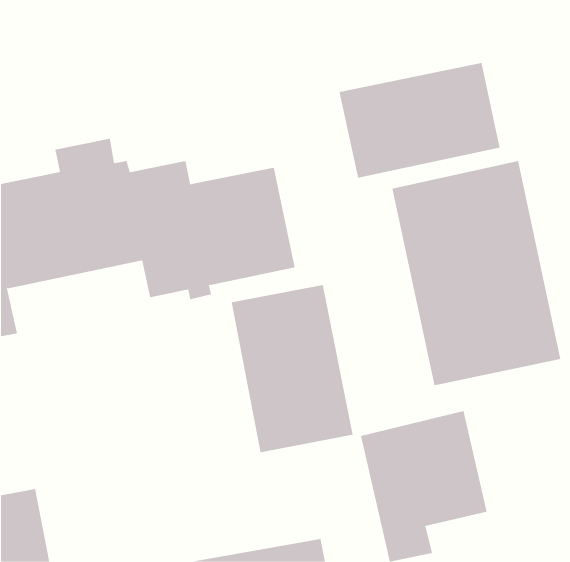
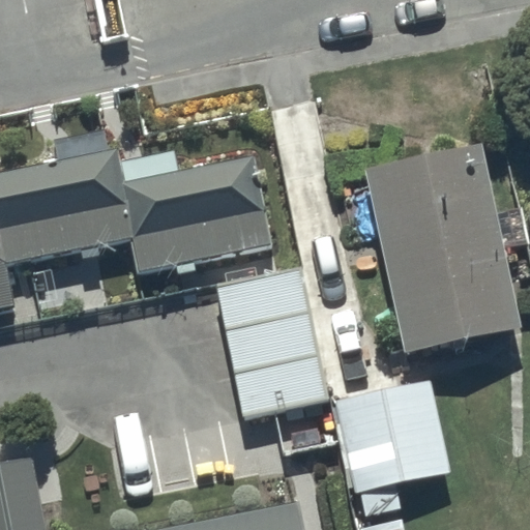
building: [339,62,500,178] -> none

